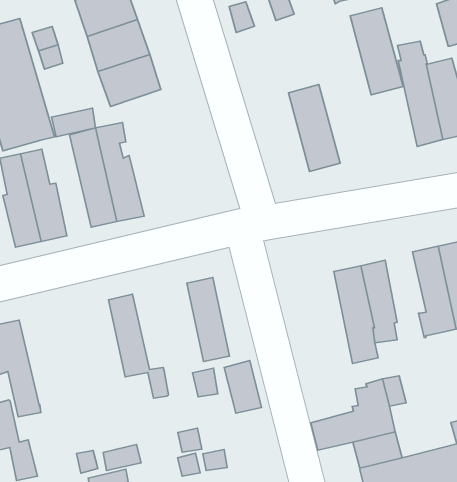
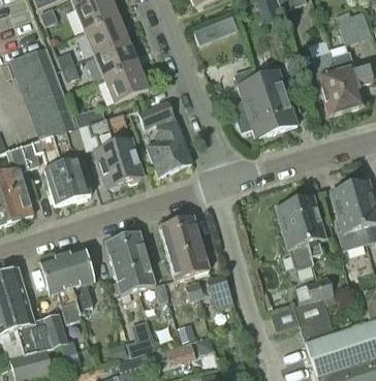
building: [350,8,403,95] -> [257,70,297,131]
building: none -> [137,99,192,177]
building: none -> [158,222,191,281]
building: none -> [104,237,137,295]
building: none -> [61,249,94,315]

